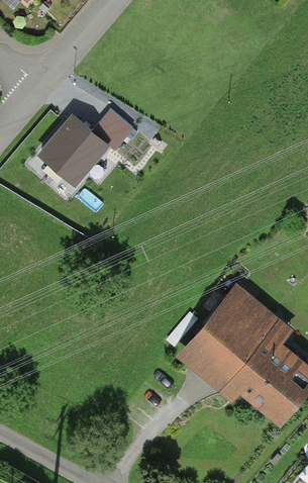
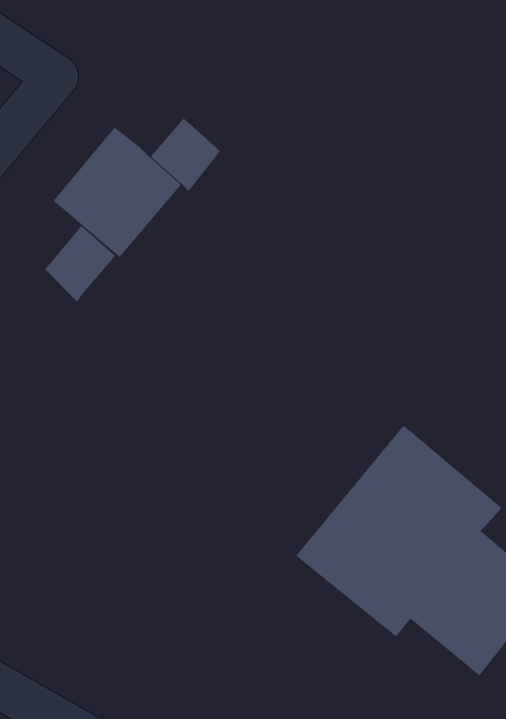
building: none -> [44,225,116,302]

